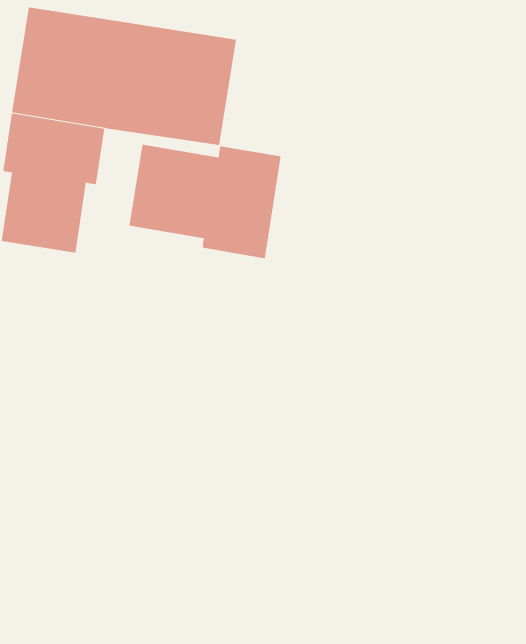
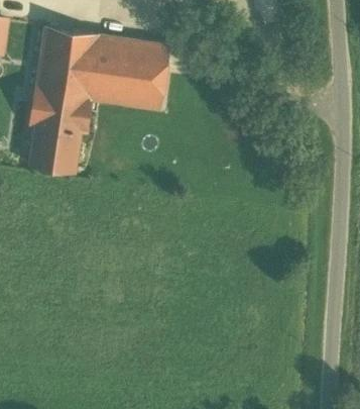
building: [129,144,281,259] -> none

